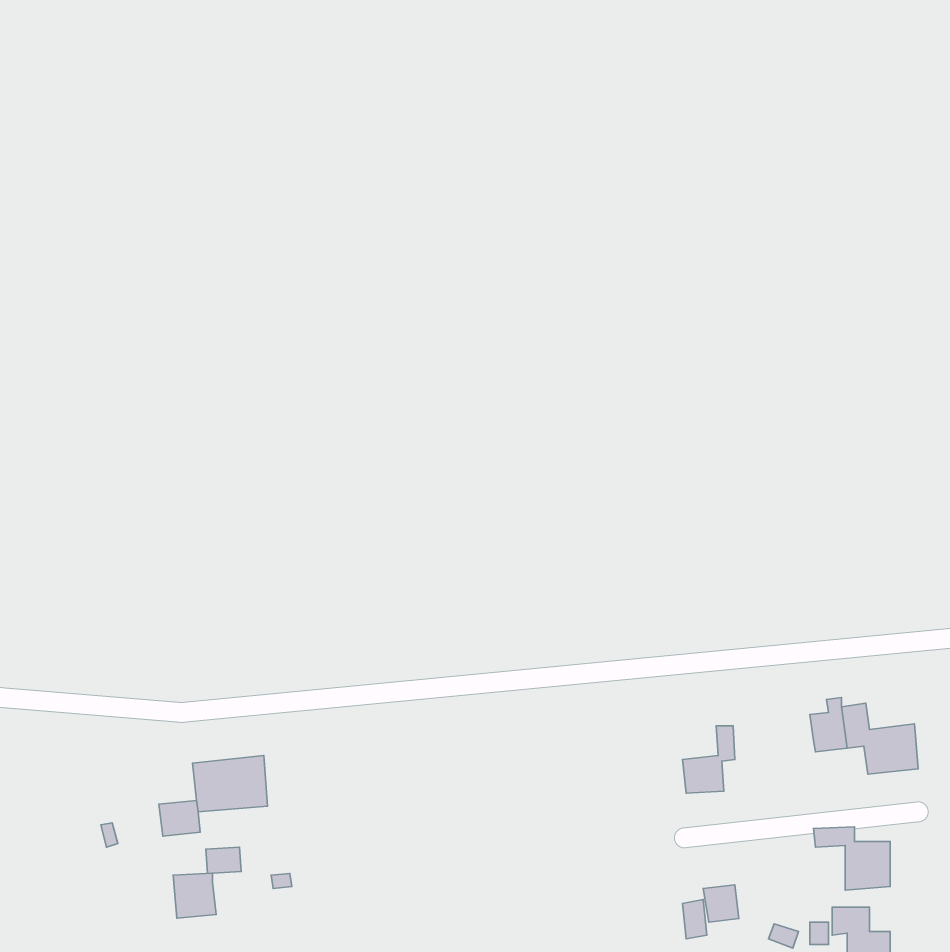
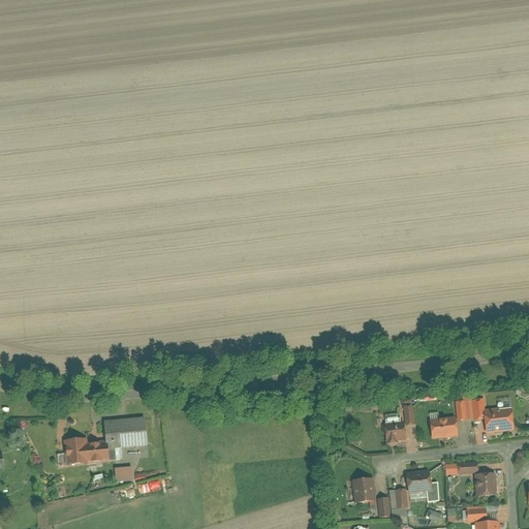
building: none -> [422,411,456,438]
building: none -> [410,472,434,494]
building: none -> [356,483,379,506]
building: [173,873,216,918] -> [69,441,93,466]

